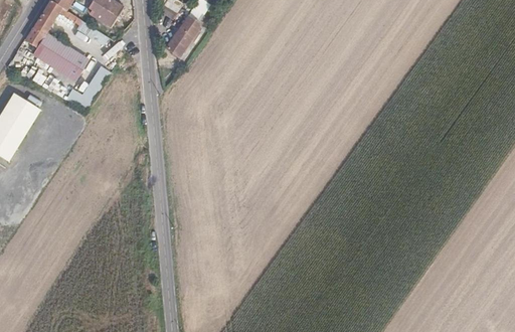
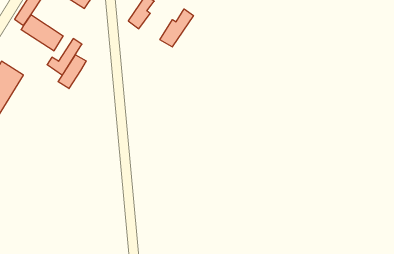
building: none -> [160,9,193,47]
building: none -> [58,55,86,89]

